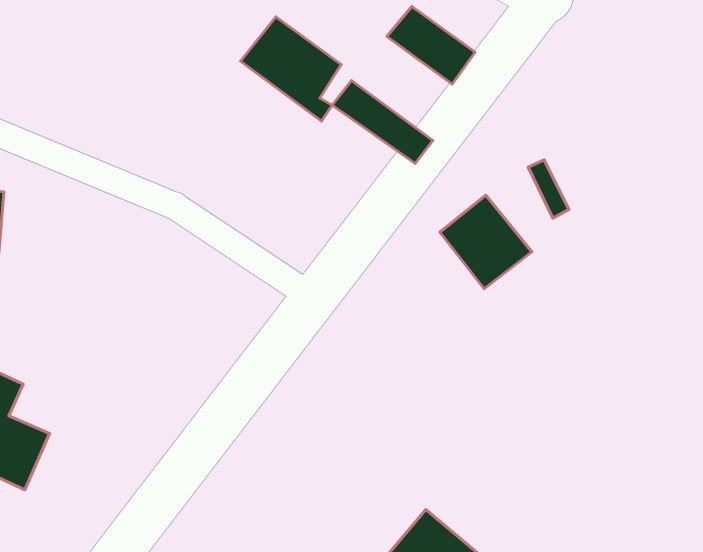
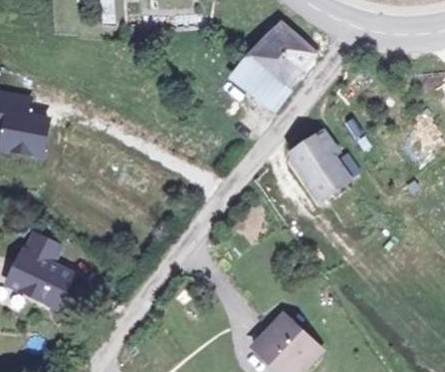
building: [240,17,341,121] -> [242,44,299,103]

